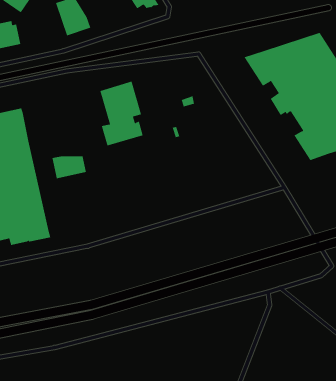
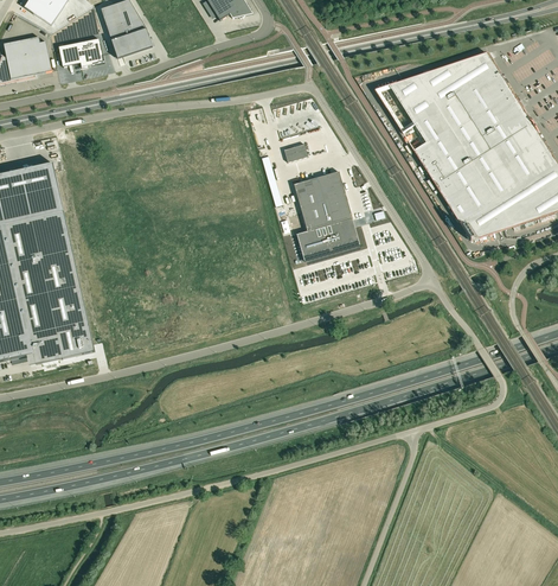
building: none -> [59,37,103,65]
building: [100,81,144,146] -> [293,167,357,262]
building: [52,155,87,179] -> none

